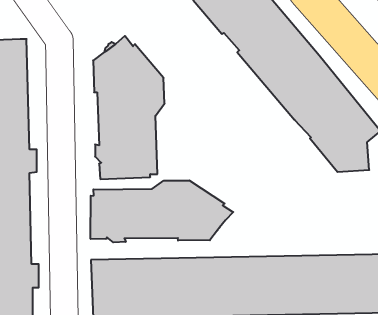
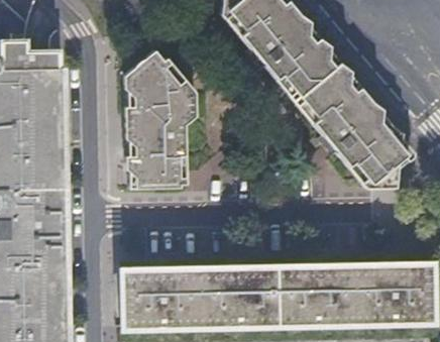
building: [91,180,233,242] -> none

